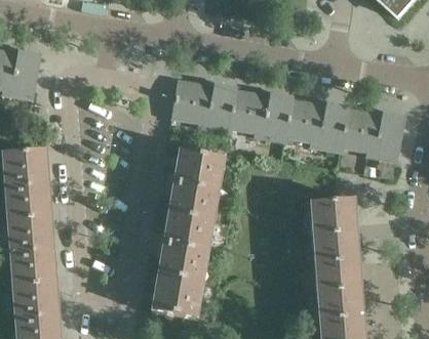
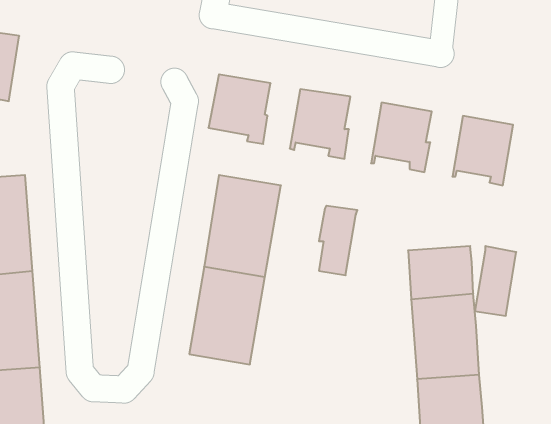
building: [209,83,236,131] -> none
building: [266,93,293,141] -> [319,206,357,275]
building: [321,102,349,151] -> none
building: [376,112,404,160] -> [475,246,516,316]
building: [152,273,200,317] -> none

